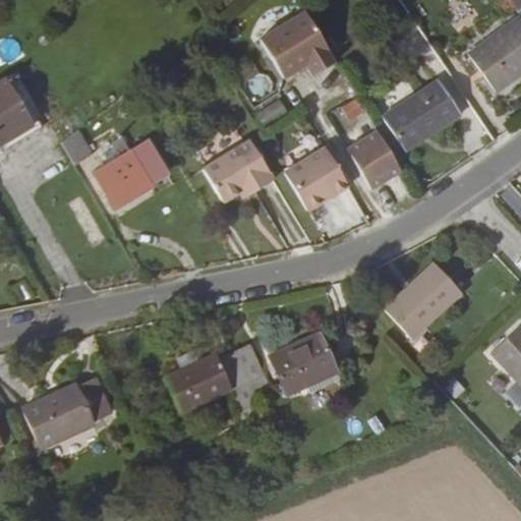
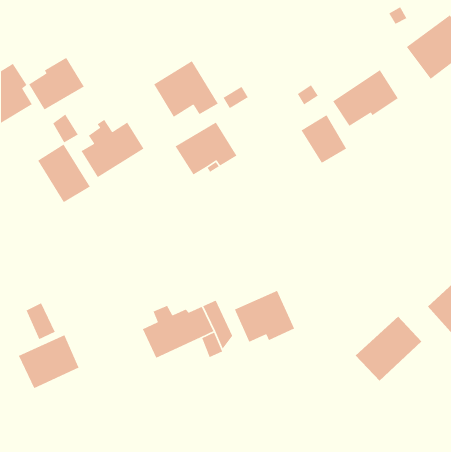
building: [260,12,336,78] -> [153,60,219,118]
building: none -> [28,57,85,111]
building: [285,148,349,211] -> none
building: none -> [37,144,91,203]
building: [385,263,462,338] -> [355,316,422,381]
building: [77,377,112,420] -> [26,302,56,340]

